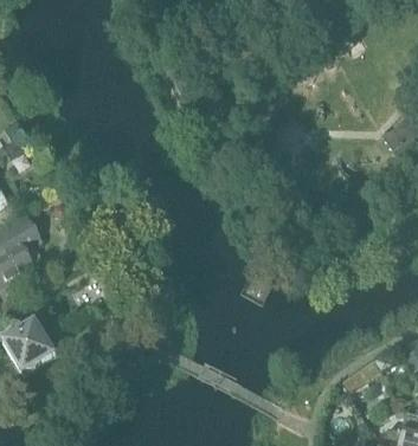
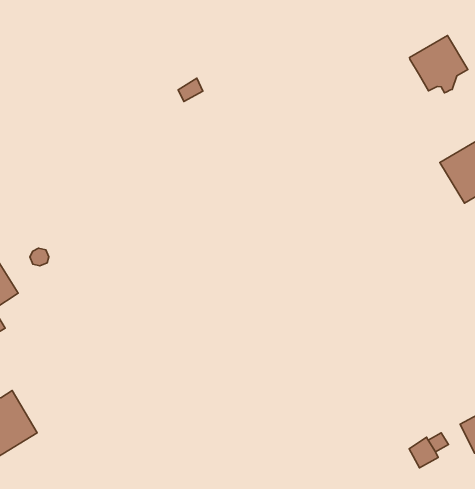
building: none -> [409,36,468,93]

